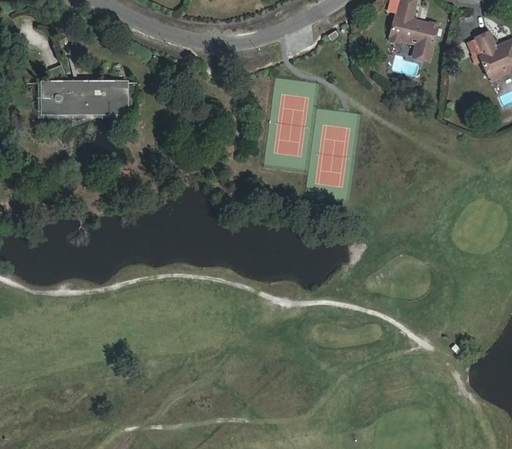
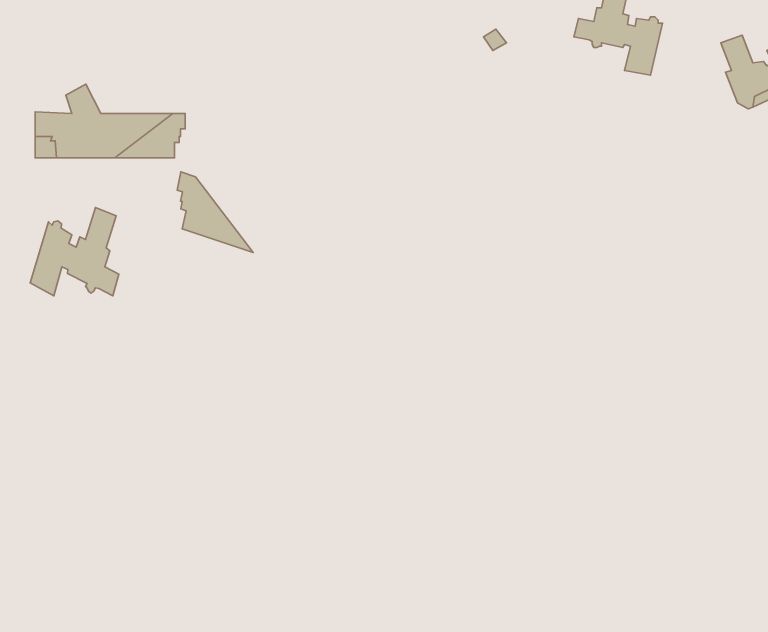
building: none -> [177,172,253,252]
building: none -> [30,207,119,296]

